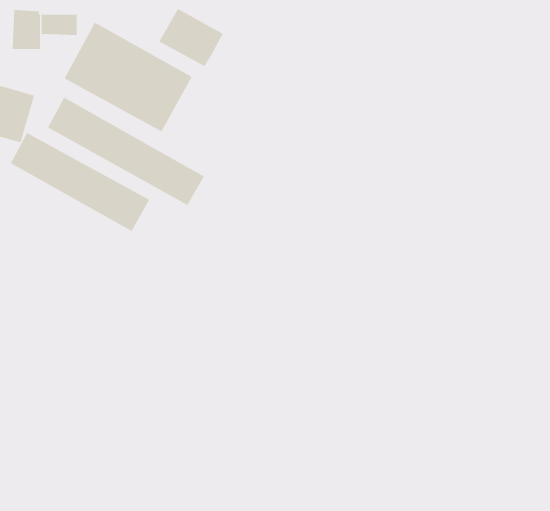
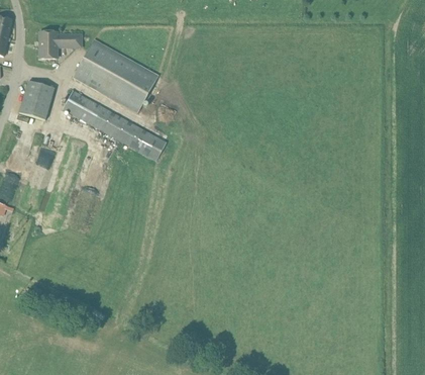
building: [159,8,224,67] -> none
building: [10,132,150,232] -> none

